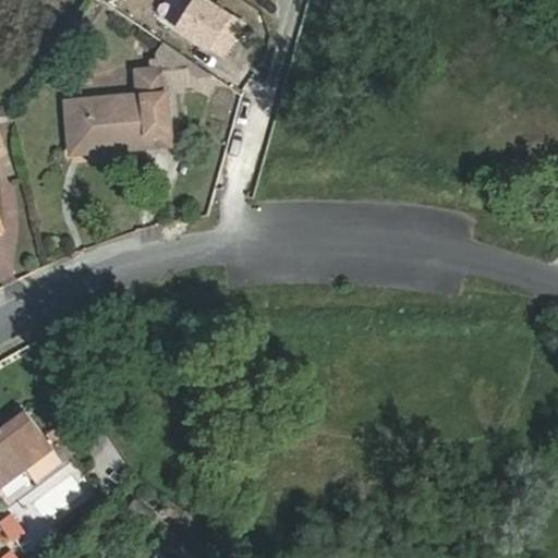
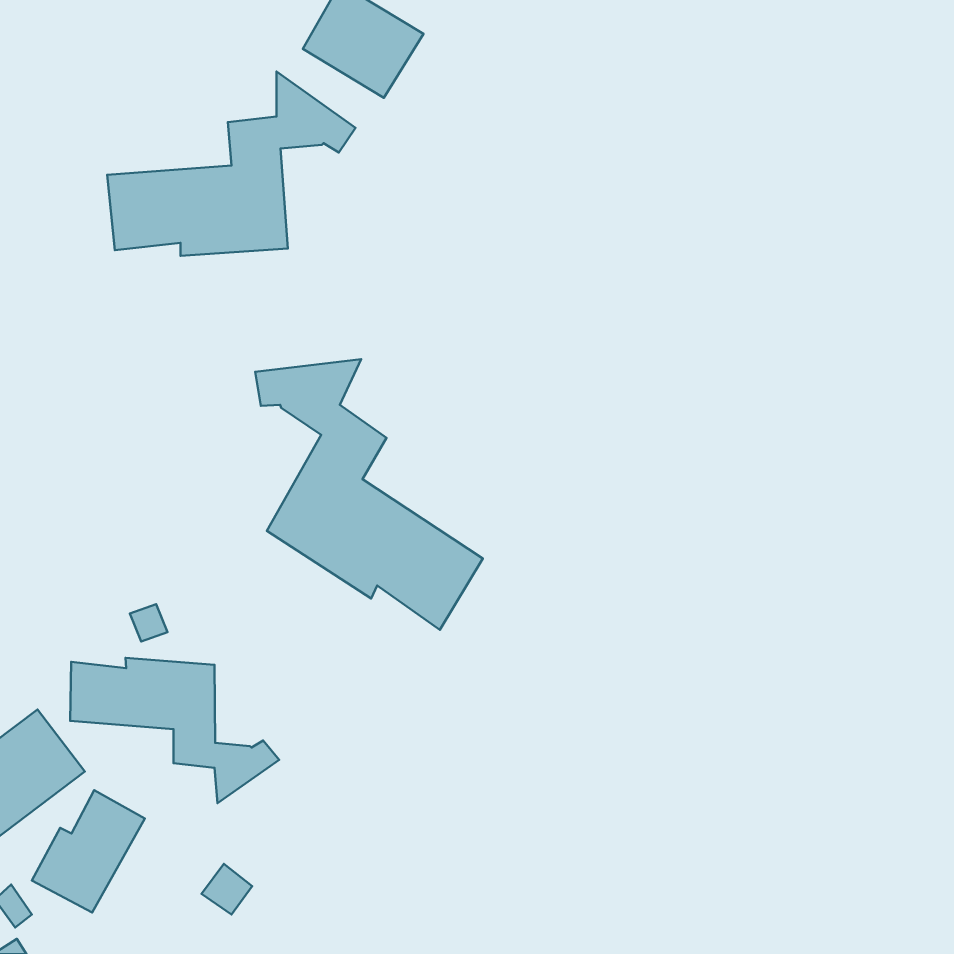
building: none -> [255,359,483,630]
building: none -> [70,658,279,803]

